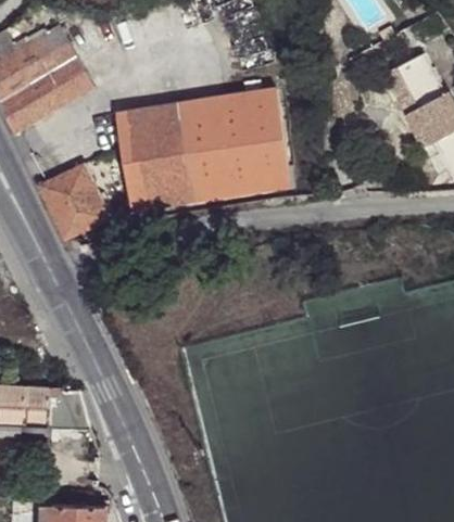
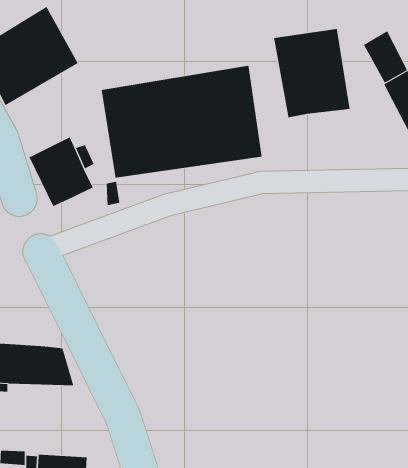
building: none -> [273,28,350,118]

